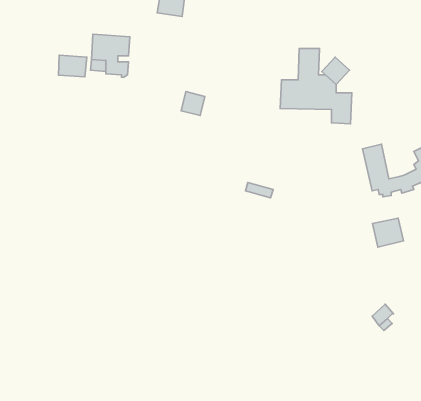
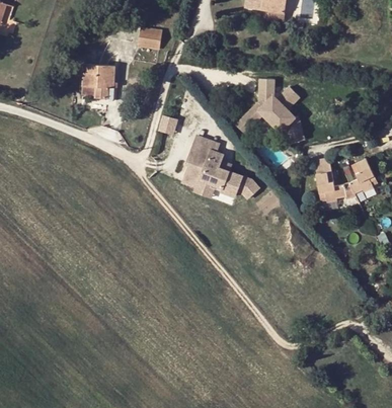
building: [58,55,87,77] -> none
building: none -> [177,133,259,199]
building: [372,218,404,247] -> none

